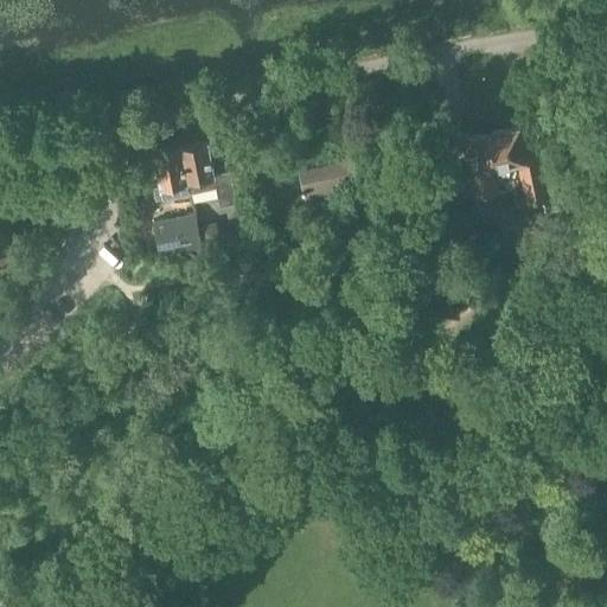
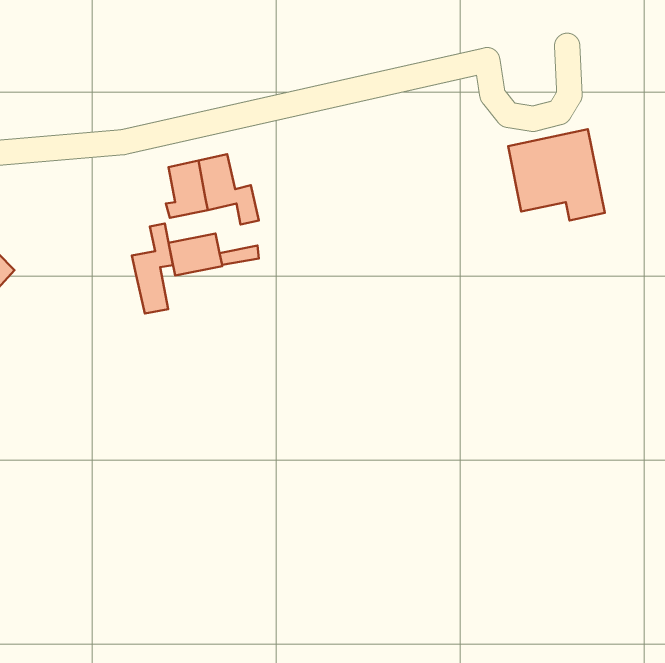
building: [298,161,352,205] -> none
building: none -> [132,224,173,313]

